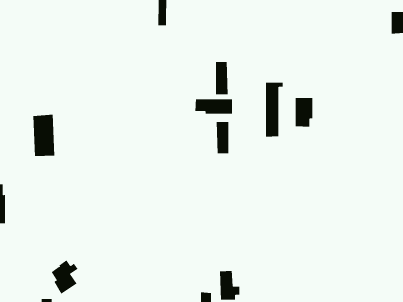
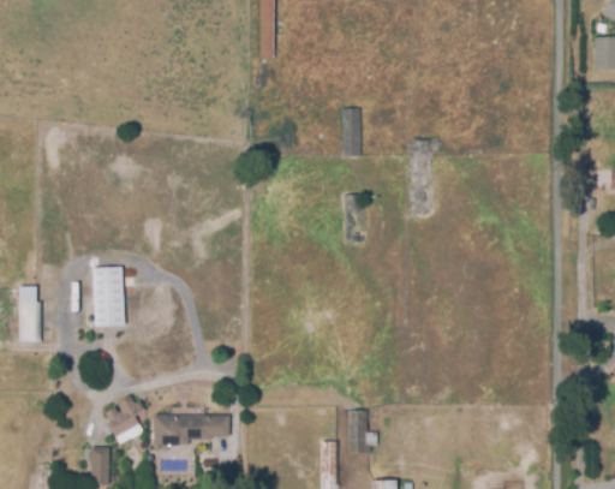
building: [295,97,313,127] -> none
building: [195,98,233,115] -> none
building: [33,114,55,157] -> [92,264,125,326]
building: none -> [154,415,229,446]

